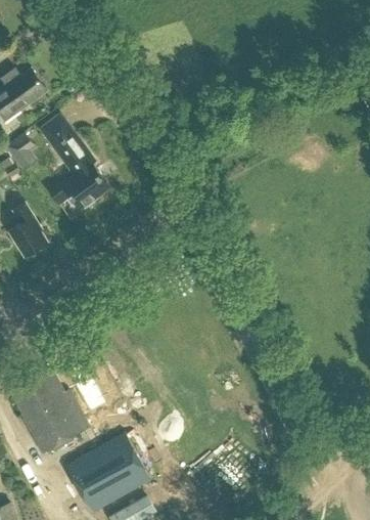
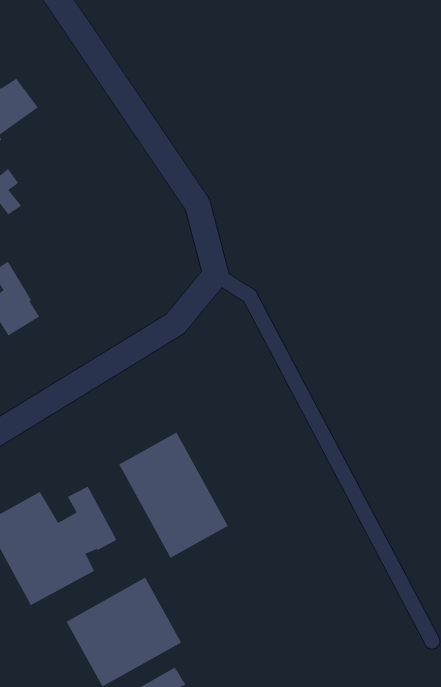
building: [41,117,109,210] -> none
building: none -> [118,432,229,559]

